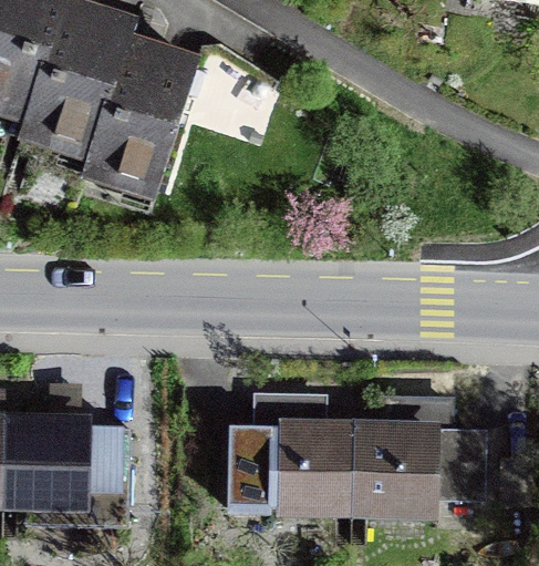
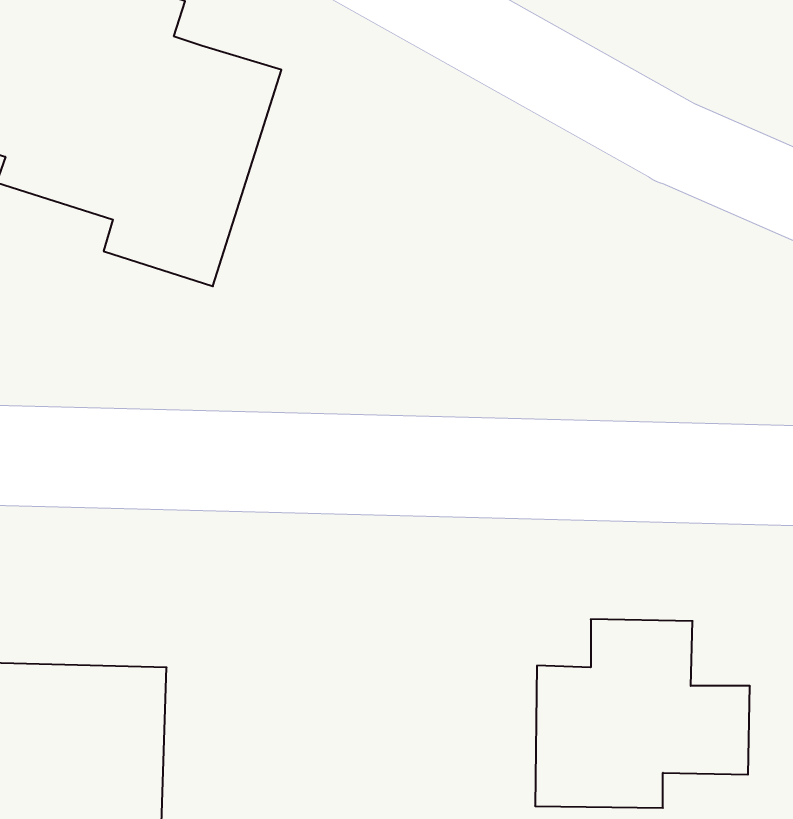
building: [224,398,350,511] -> none

